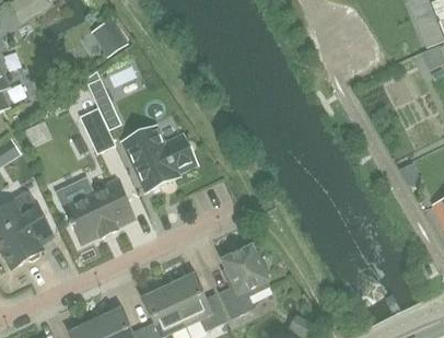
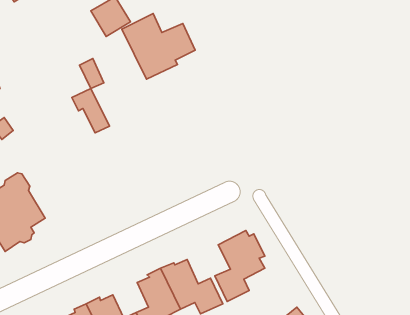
building: [124,125,196,189] -> [122,14,195,79]
building: [57,177,133,240] -> none

